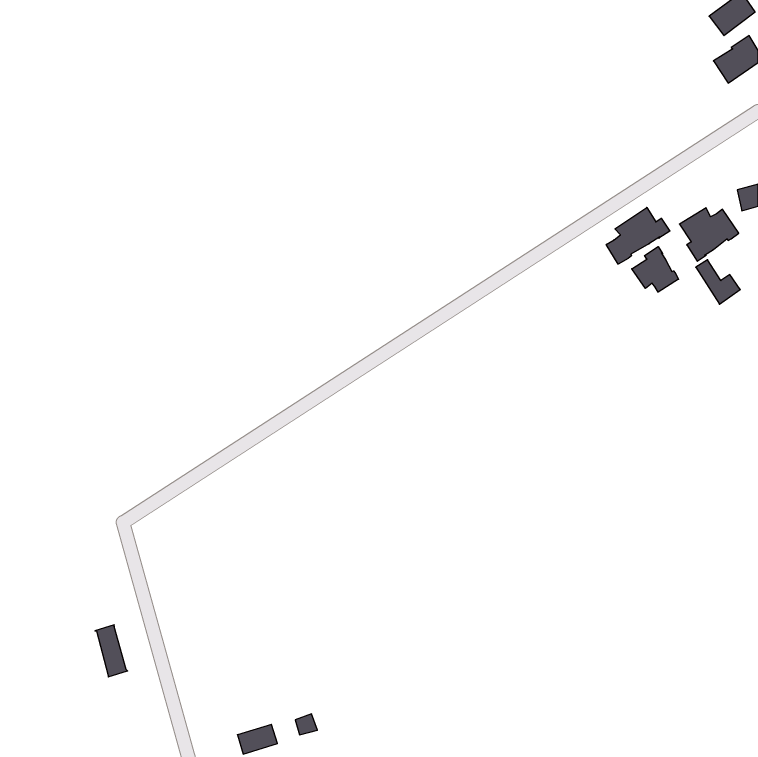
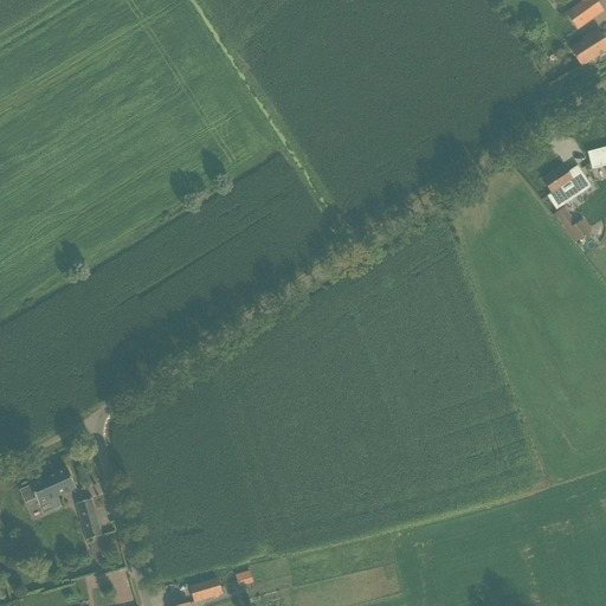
building: [606,207,670,264] -> none
building: [632,247,679,292] -> none
building: none -> [30,468,76,509]

